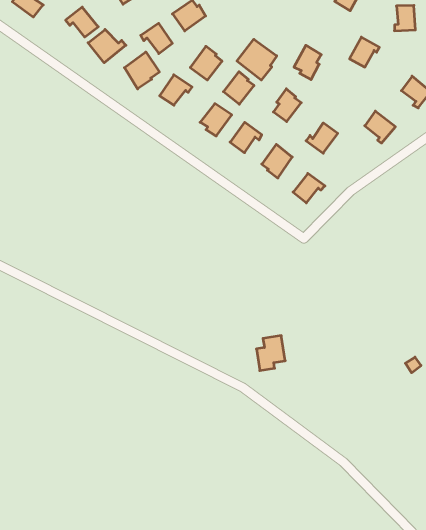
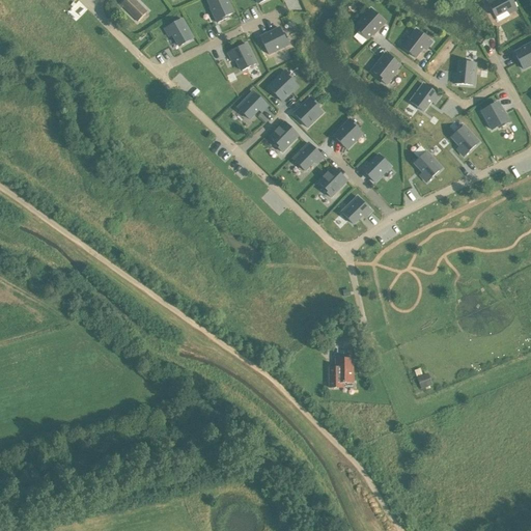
building: [88,29,126,63] -> none
building: [237,39,277,80] -> none
building: [294,45,321,80] -> [374,54,400,85]
building: [124,52,159,89] -> none
building: [256,336,285,371] -> [328,358,352,386]

